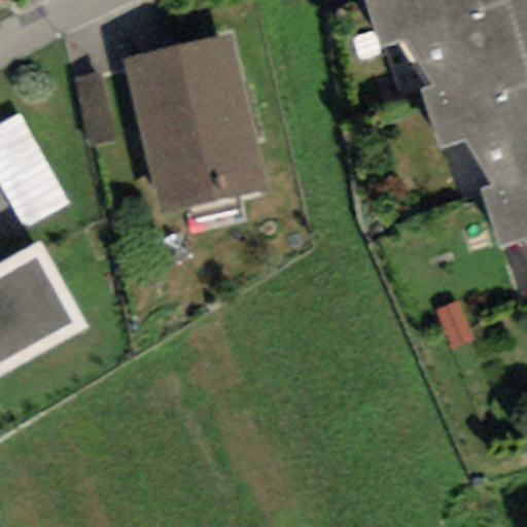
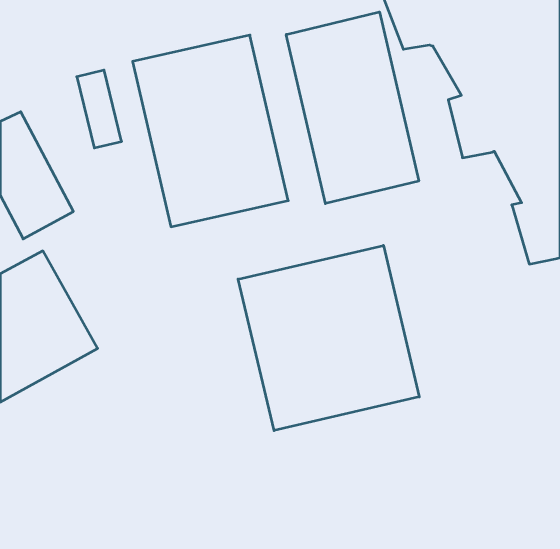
building: none -> [286,12,419,204]
building: none -> [238,245,419,431]

